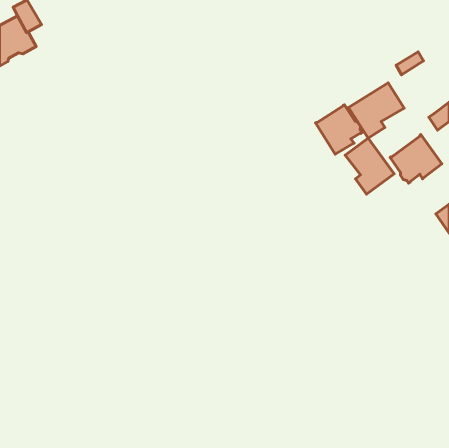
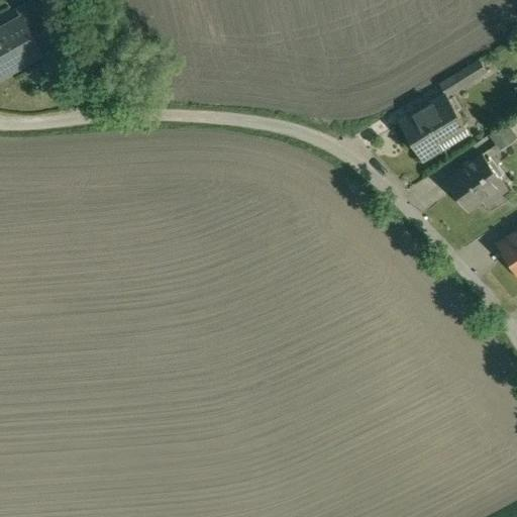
building: [315,105,362,154] -> none
building: [345,138,394,194] -> none

